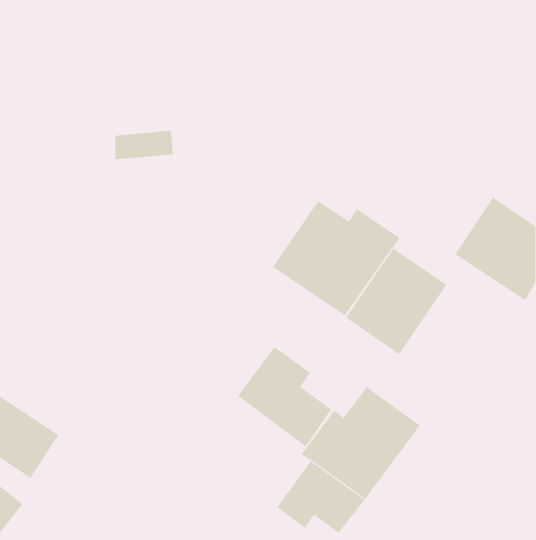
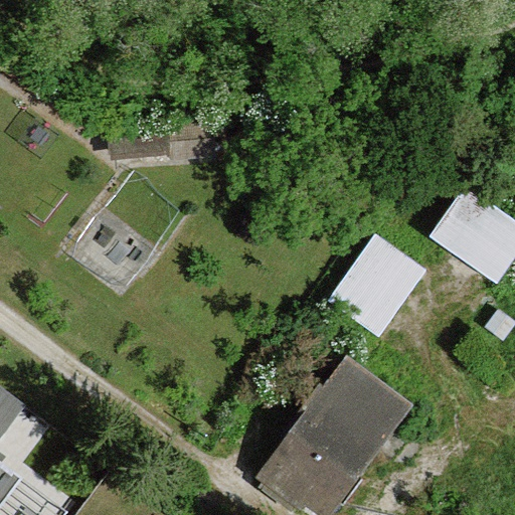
building: [272,200,400,316] -> none
building: [238,346,332,448] -> none

